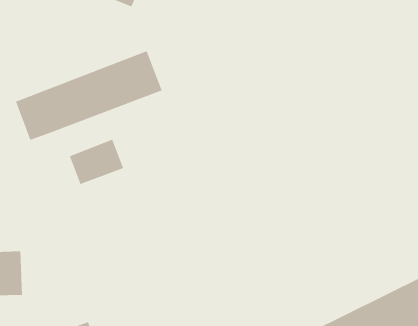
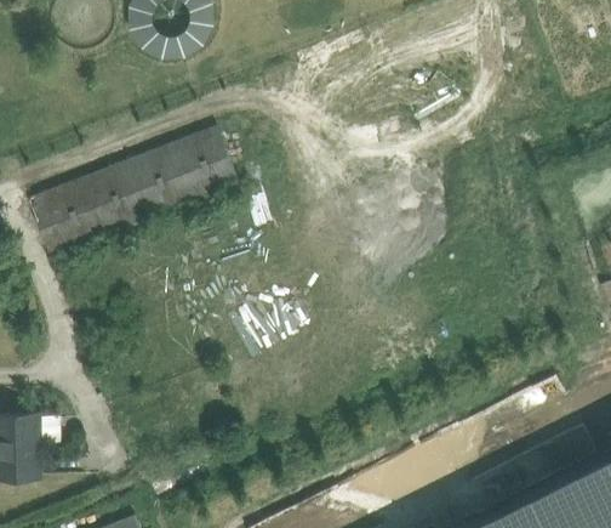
building: [69,139,124,185] -> none

